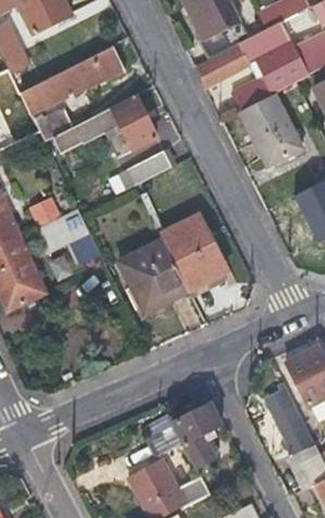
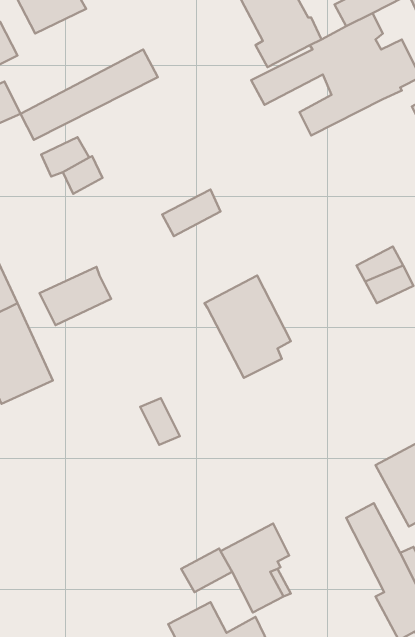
building: [93,95,156,158] -> none
building: [240,97,302,166] -> none
building: [118,239,188,314] -> none

